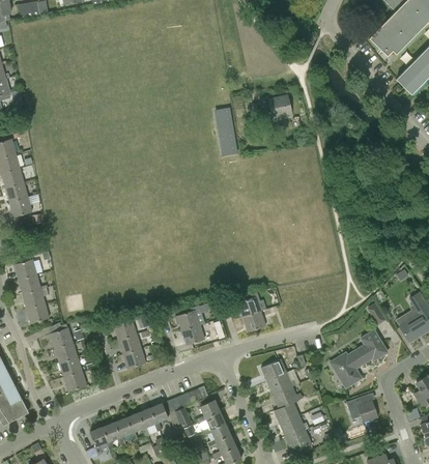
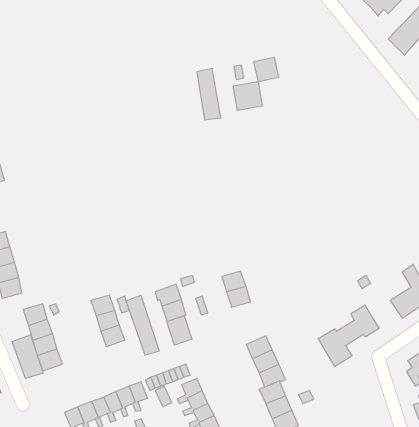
building: none -> [233,82,262,111]
building: none -> [126,295,159,355]
building: none -> [167,316,192,345]
building: none -> [12,335,43,378]
building: [346,397,378,423] -> none

